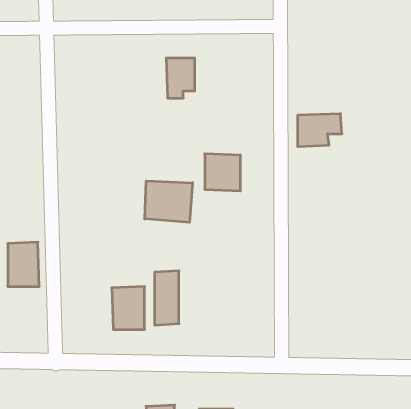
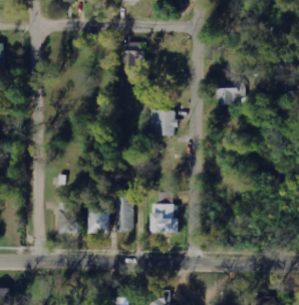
building: [145,181,193,222] -> none
building: [8,242,39,286] -> [57,203,79,234]
building: none -> [150,194,178,234]

